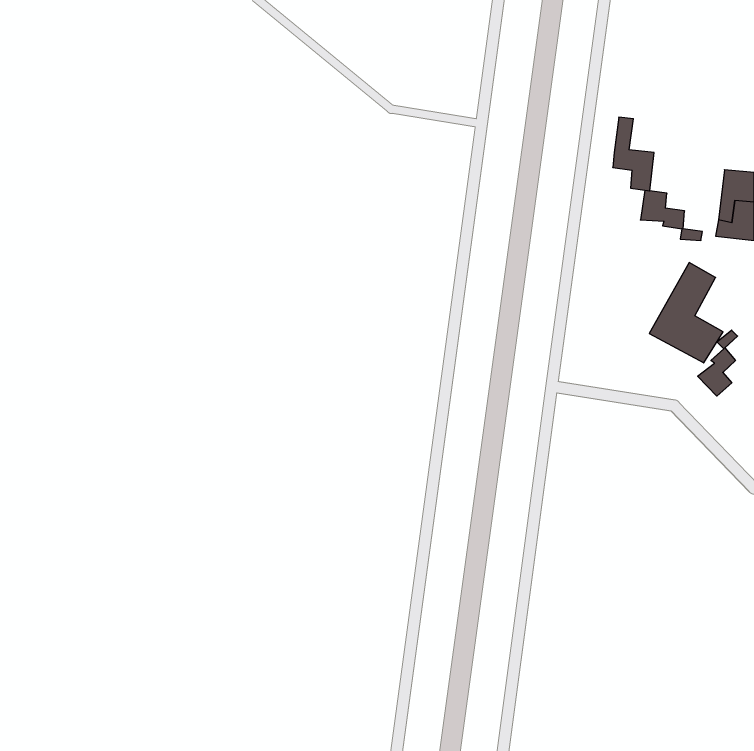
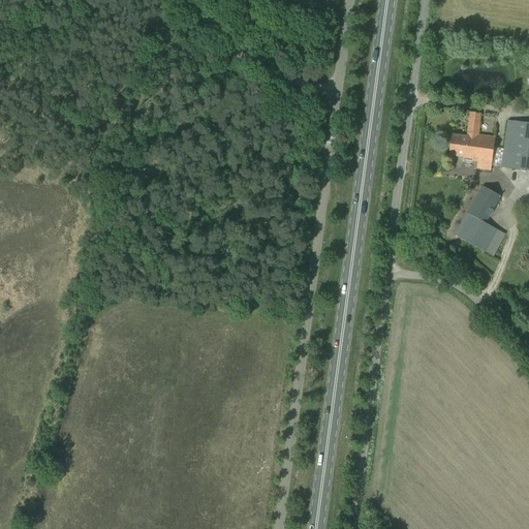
building: [613,117,654,191] -> [466,111,495,162]
building: [698,330,738,396] -> none

